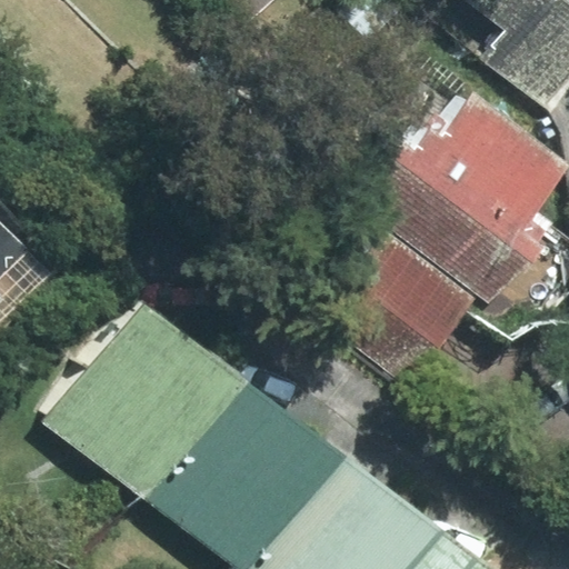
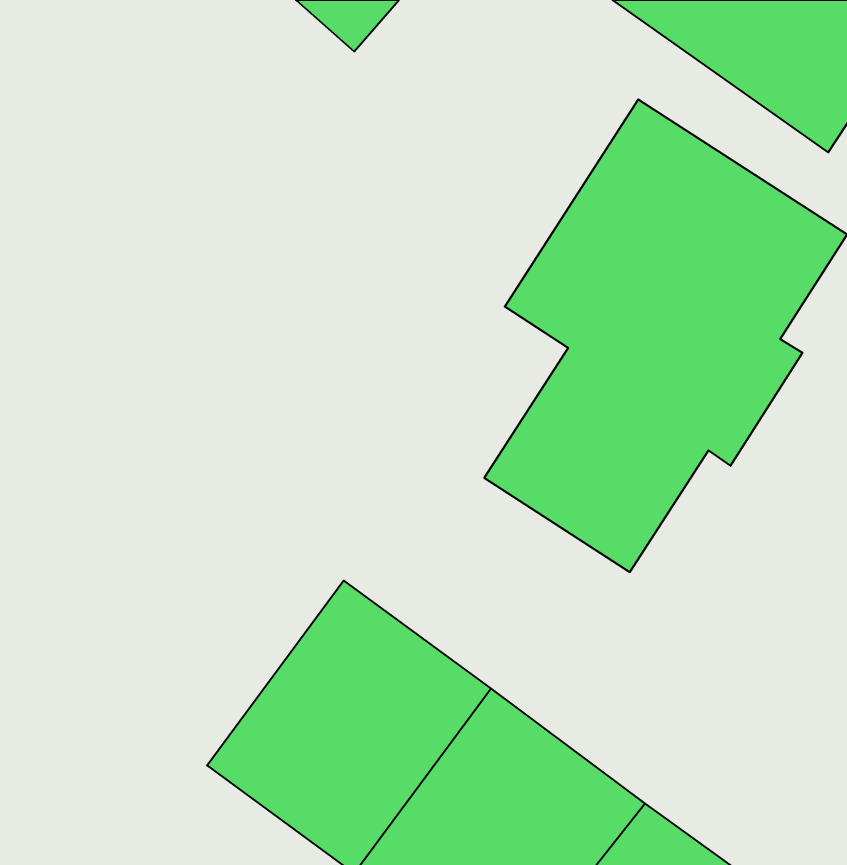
building: [42,302,241,503] -> none

